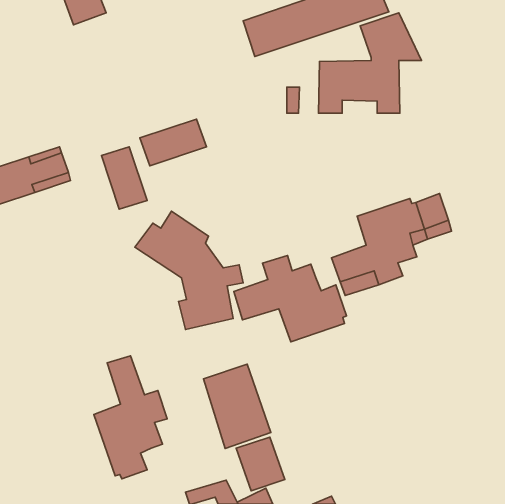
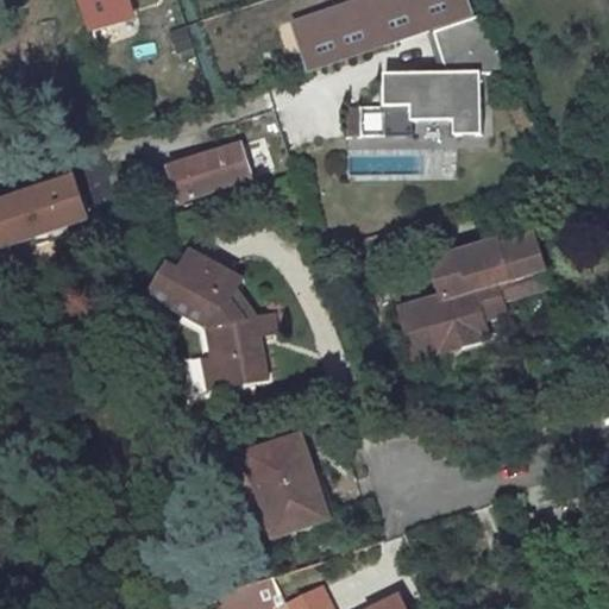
building: [101,147,147,209] -> none
building: [234,256,346,342] -> none
building: [94,356,167,479] -> none
building: [236,437,285,491] -> none

